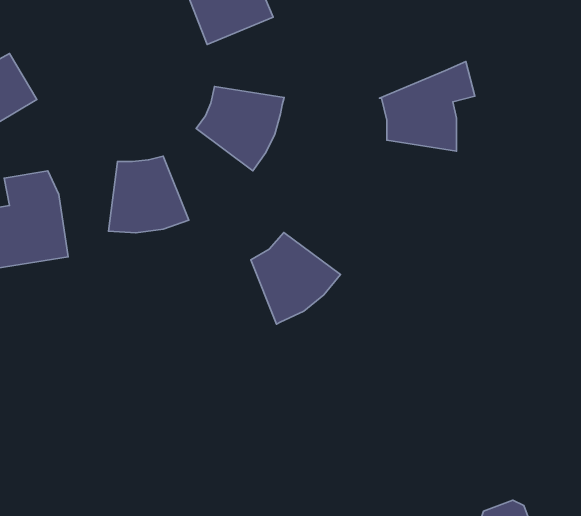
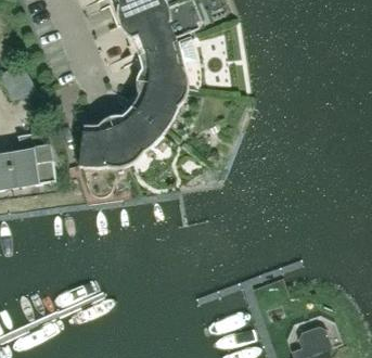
building: [380,61,475,151] -> [137,34,193,87]
building: [251,233,340,324] -> [111,105,164,159]

